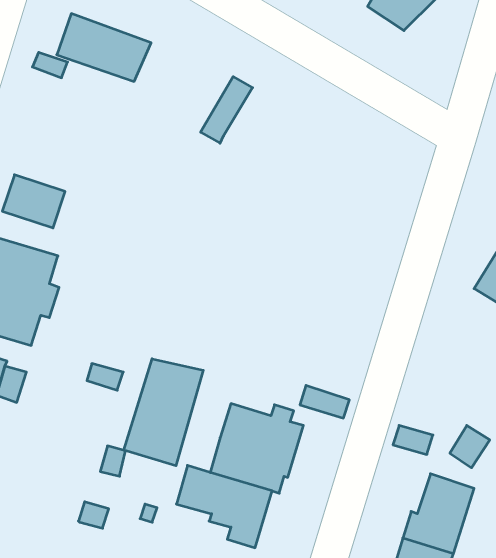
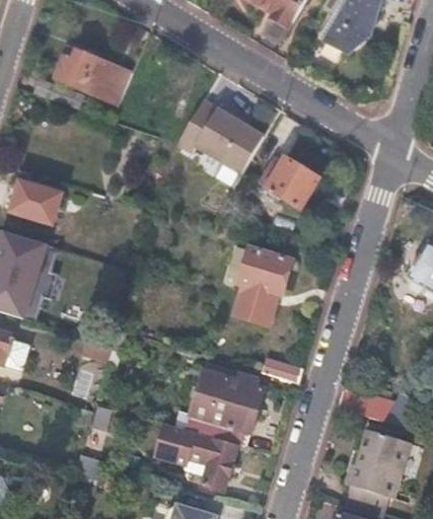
building: none -> [196,106,265,173]
building: none -> [265,155,319,208]
building: none -> [232,247,288,324]
building: [124,359,203,466] -> none

